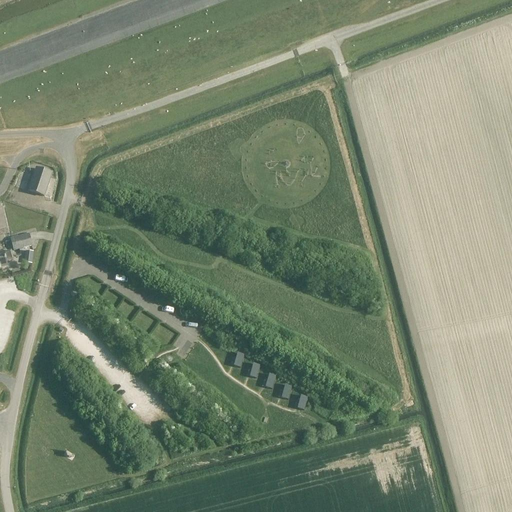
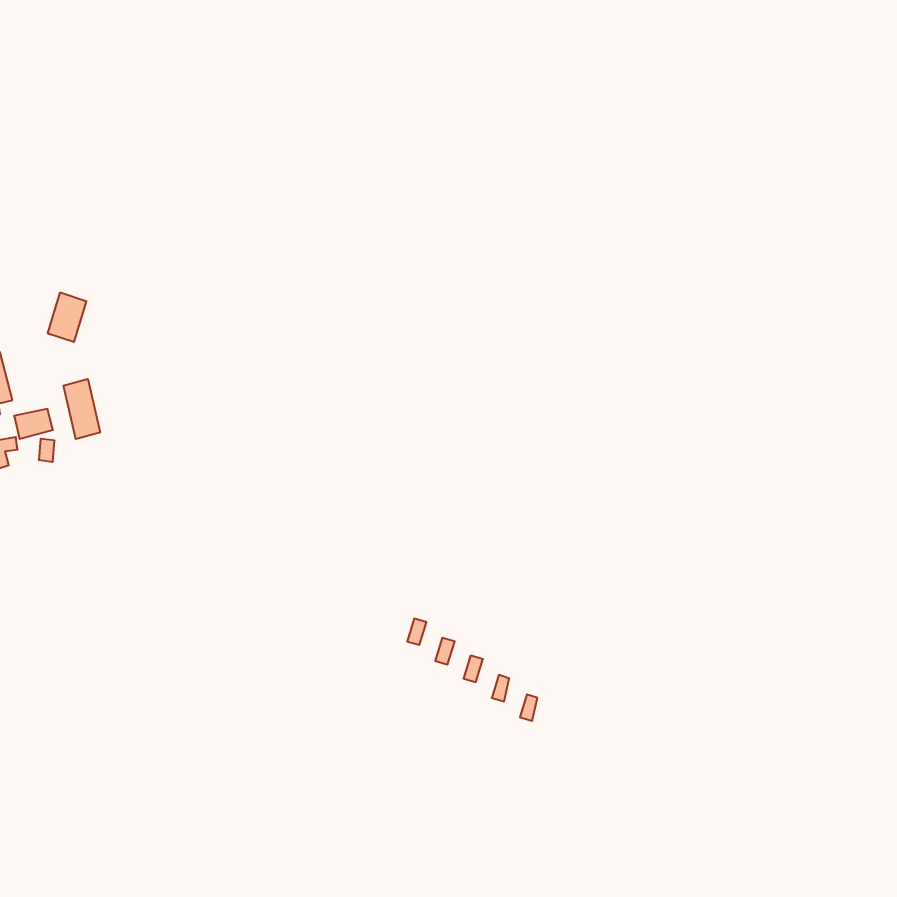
building: none -> [63,379,100,439]

